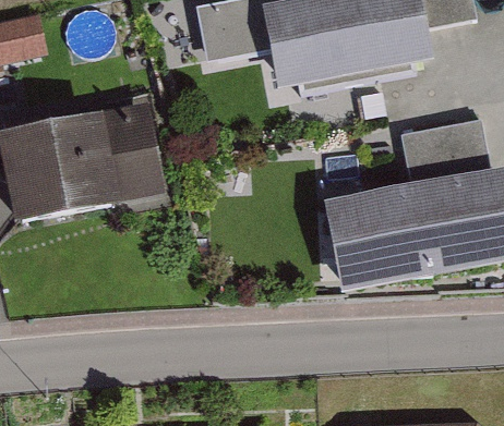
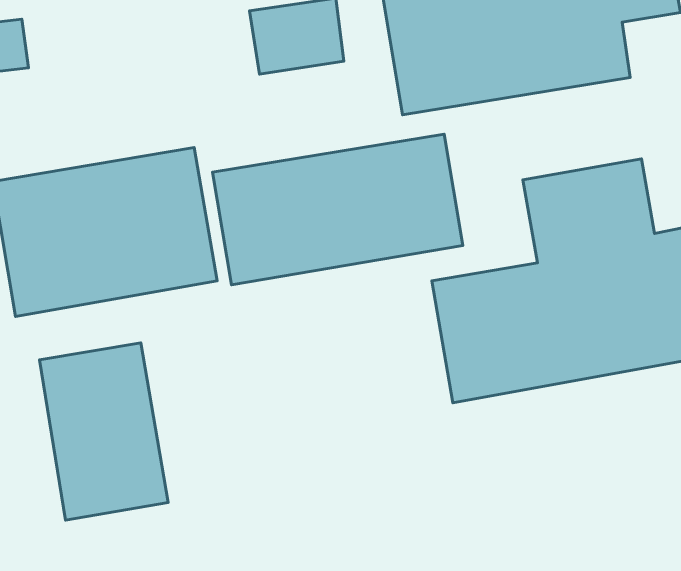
building: none -> [212,134,463,285]
building: none -> [40,343,168,520]

